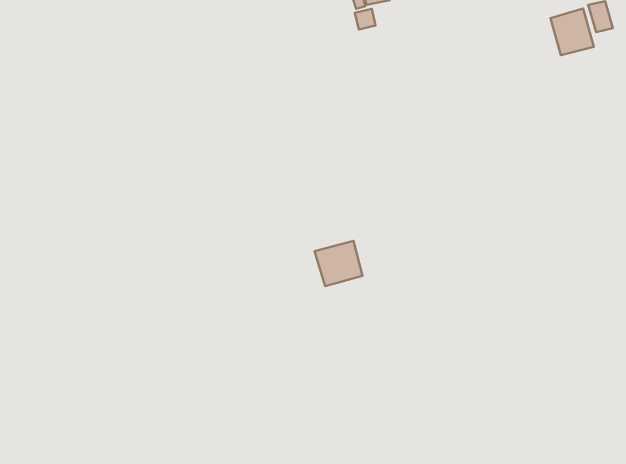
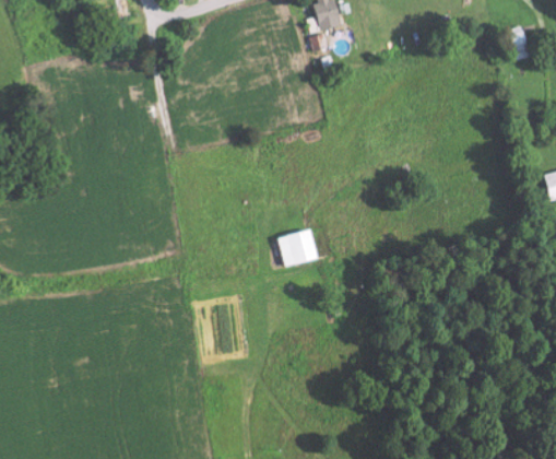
building: [551,9,594,55] -> none

